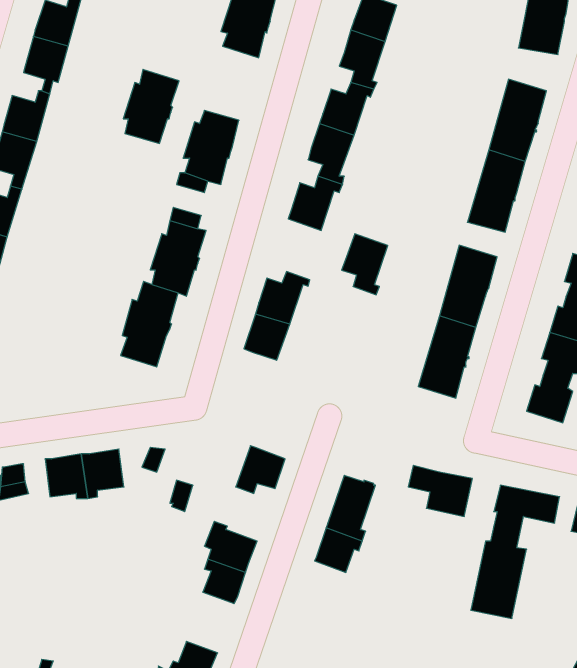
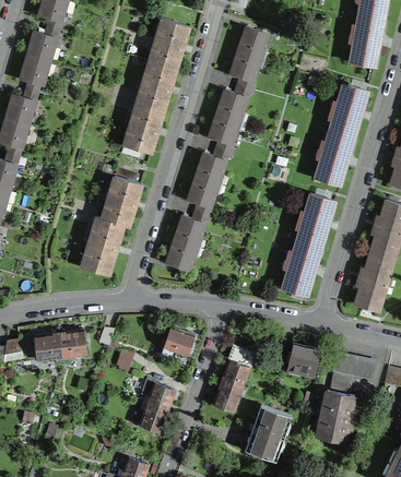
building: [123,69,179,143] -> [139,61,176,110]
building: [342,234,388,295] -> [187,176,217,216]
building: none -> [244,408,292,464]

